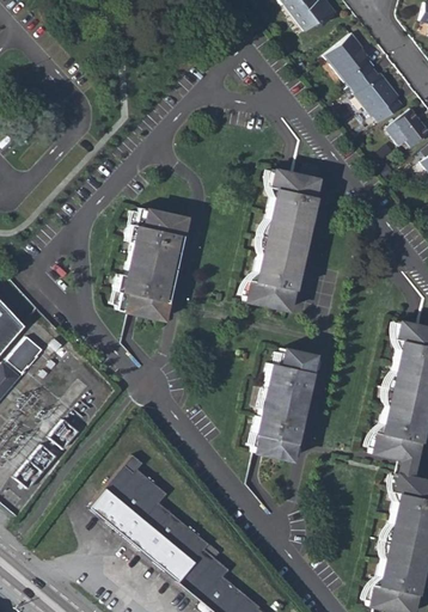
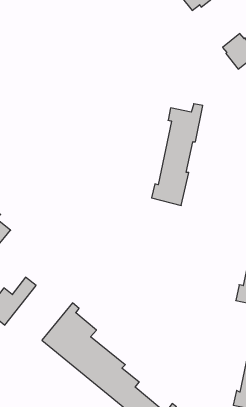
building: [326,33,377,87] -> none
building: [114,209,188,324] -> none
building: [251,345,313,457] -> none

